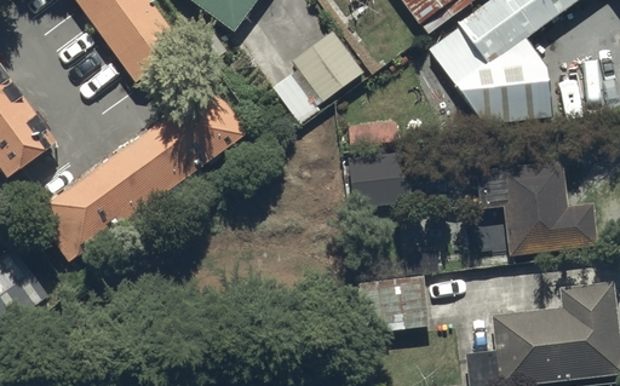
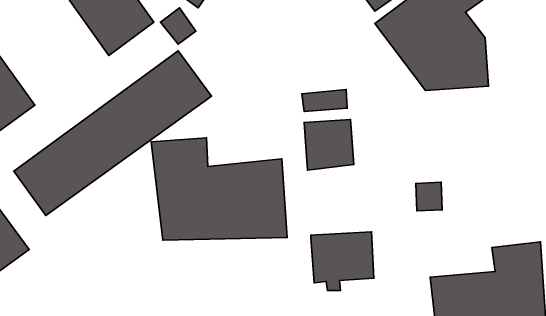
building: [272,29,363,125] -> none
building: [477,160,598,253] -> none
building: none -> [151,138,287,240]

